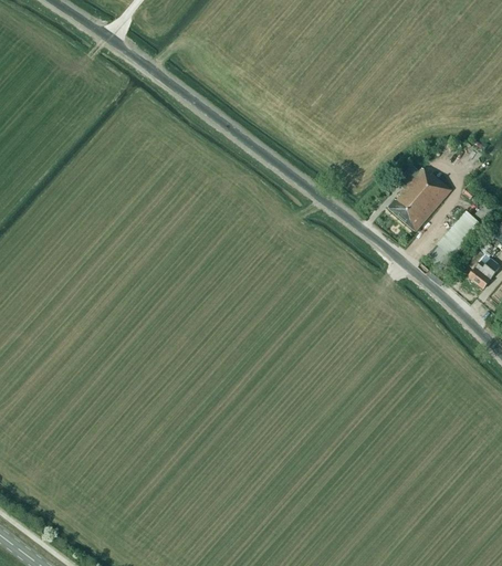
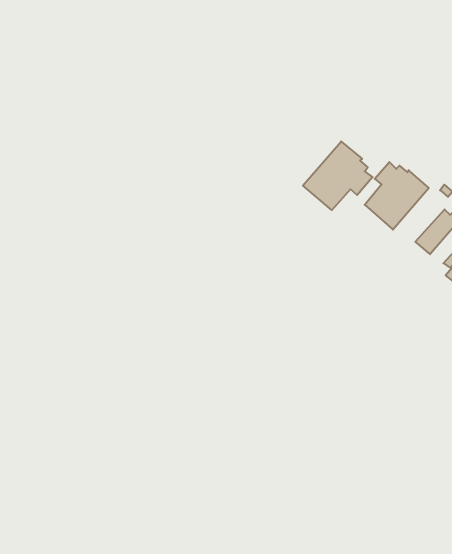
building: none -> [303,141,373,210]

